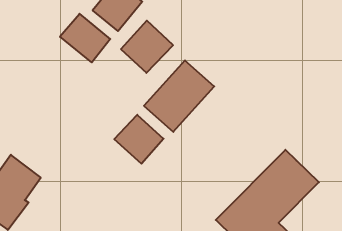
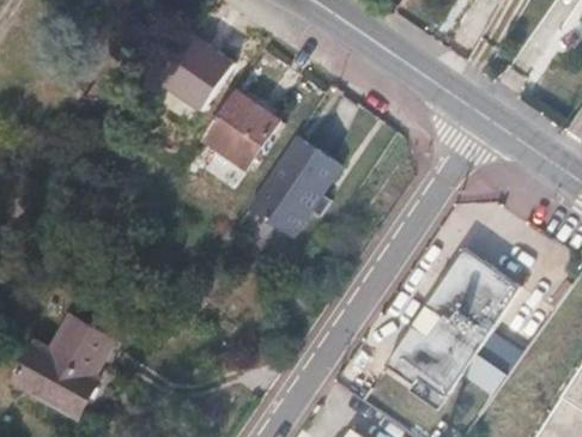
building: [60,14,110,62] -> none
building: [114,115,164,164] -> none

